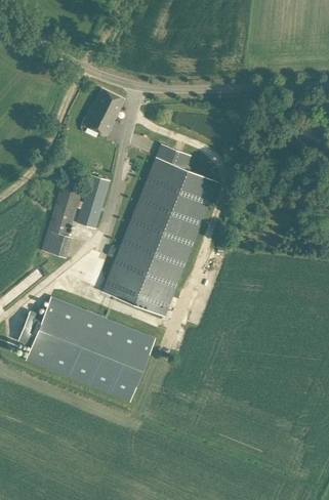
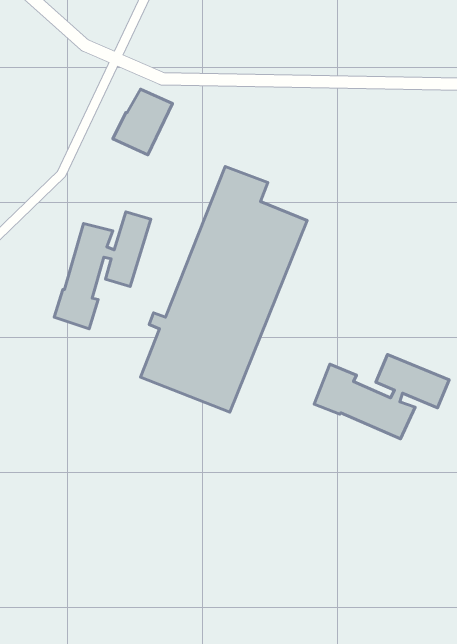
building: none -> [314,354,449,439]
building: [18,296,155,401] -> none

